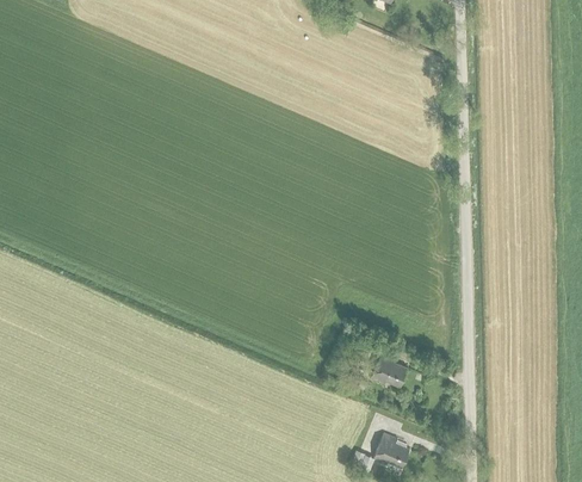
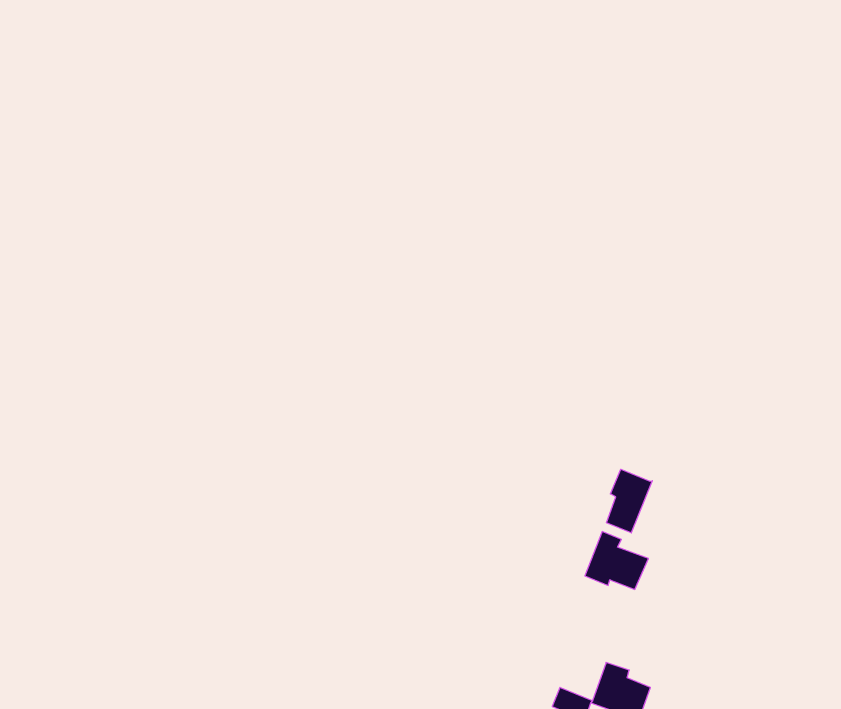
building: none -> [606,469,652,533]

